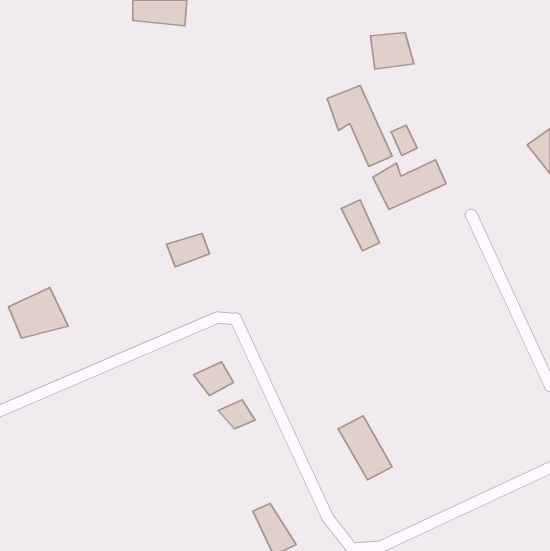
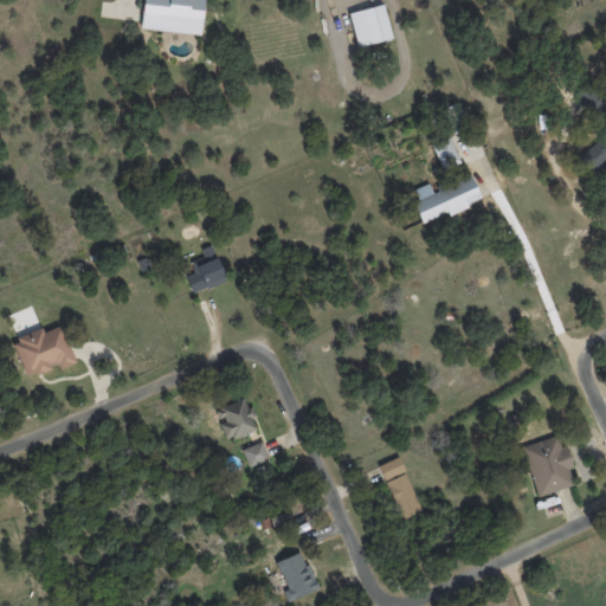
building: [370,32,414,69] -> [348,6,395,46]
building: [327,85,392,167] -> none
building: [341,200,380,251] -> none
building: none -> [520,436,578,499]

